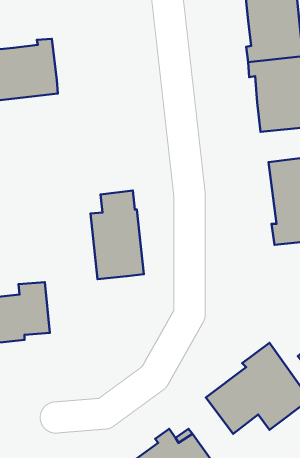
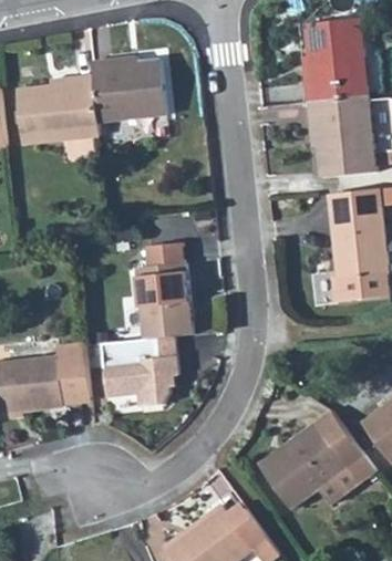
building: none -> [91,59,166,121]
building: none -> [103,335,177,406]

